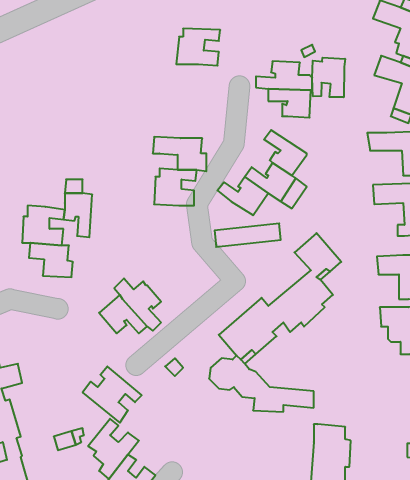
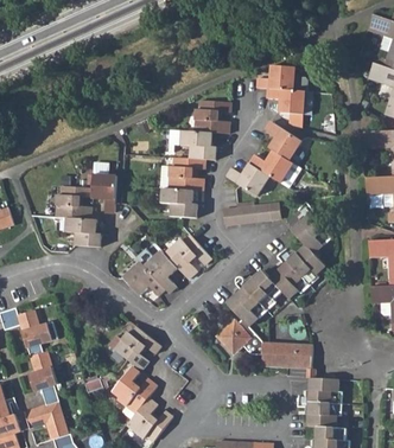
building: [176,29,220,66] -> [193,98,231,130]
building: [312,58,345,97] -> none
building: none -> [161,186,197,216]
building: none -> [165,236,212,282]

